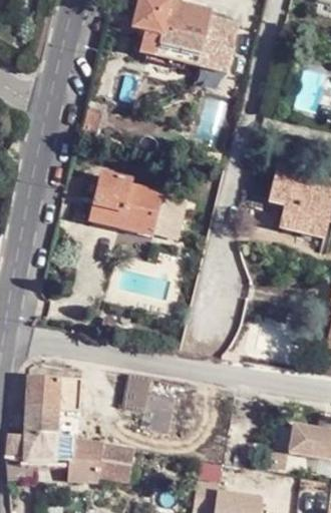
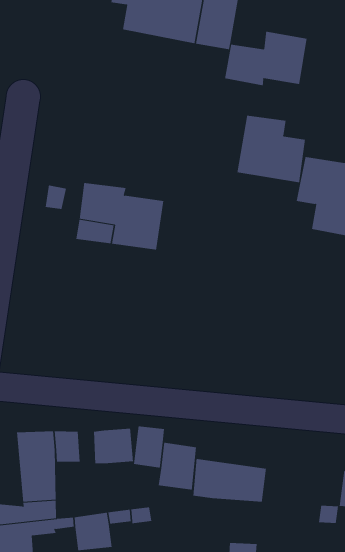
building: none -> [224,31,307,86]
building: none -> [237,115,305,183]
building: none -> [93,428,134,464]
building: none -> [193,458,266,502]

